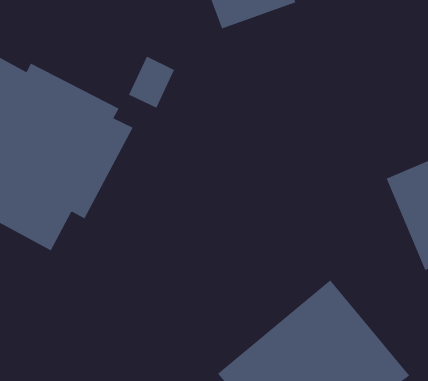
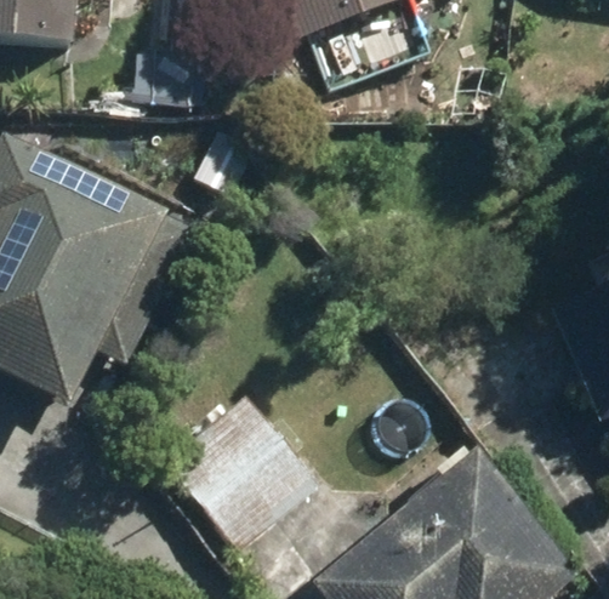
building: none -> [158,393,329,566]

